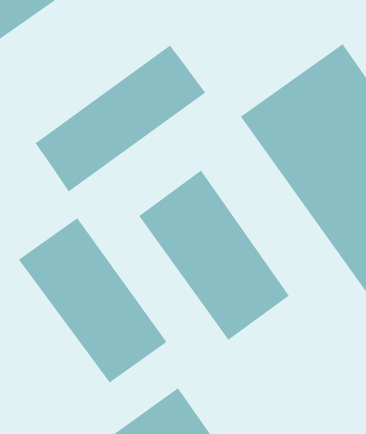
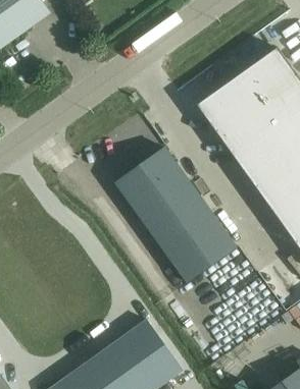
building: [34,45,206,192] -> none
building: [18,217,167,384] -> none

